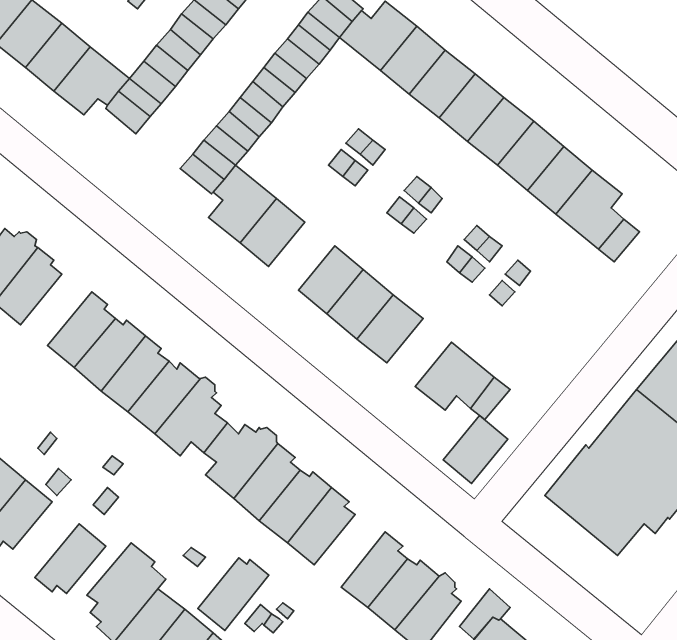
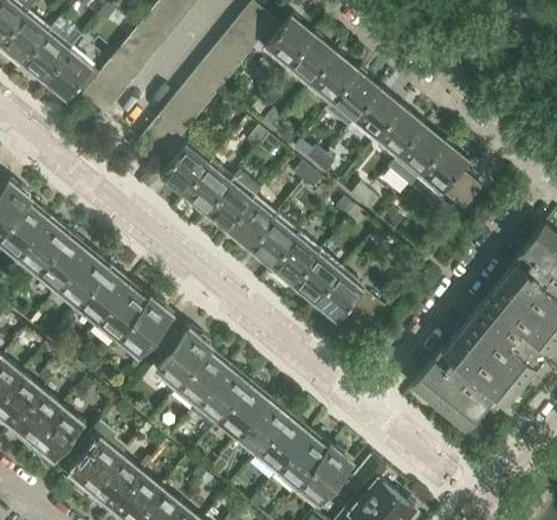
building: none -> [203,180,253,231]
building: none -> [18,219,71,272]
building: [443,416,508,484] -> [292,252,341,303]
building: none -> [12,390,61,447]
building: [198,558,269,630] -> [238,399,291,454]

